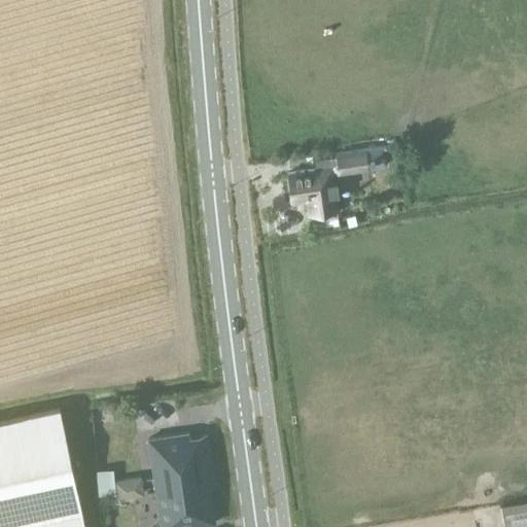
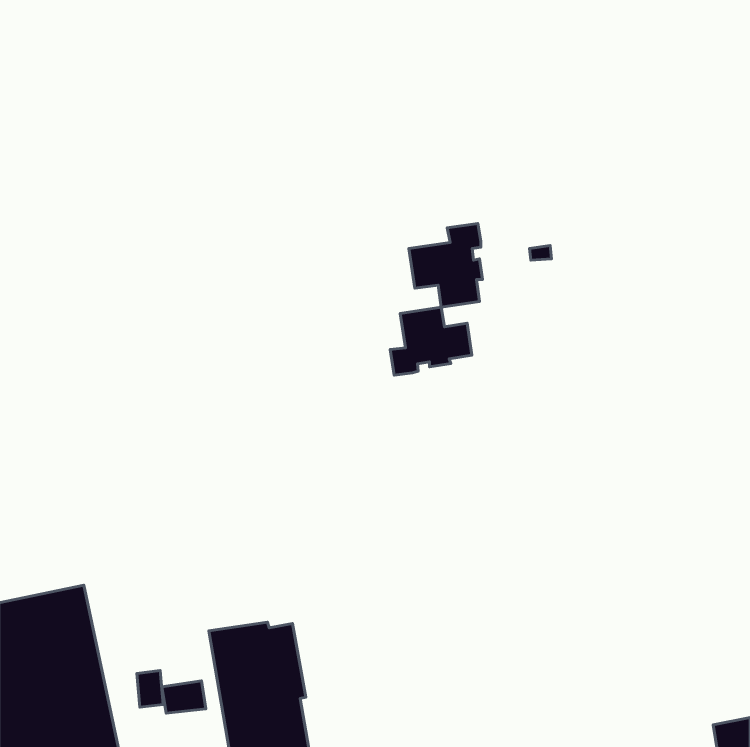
building: [335,152,384,176] -> none
building: none -> [390,307,472,375]

